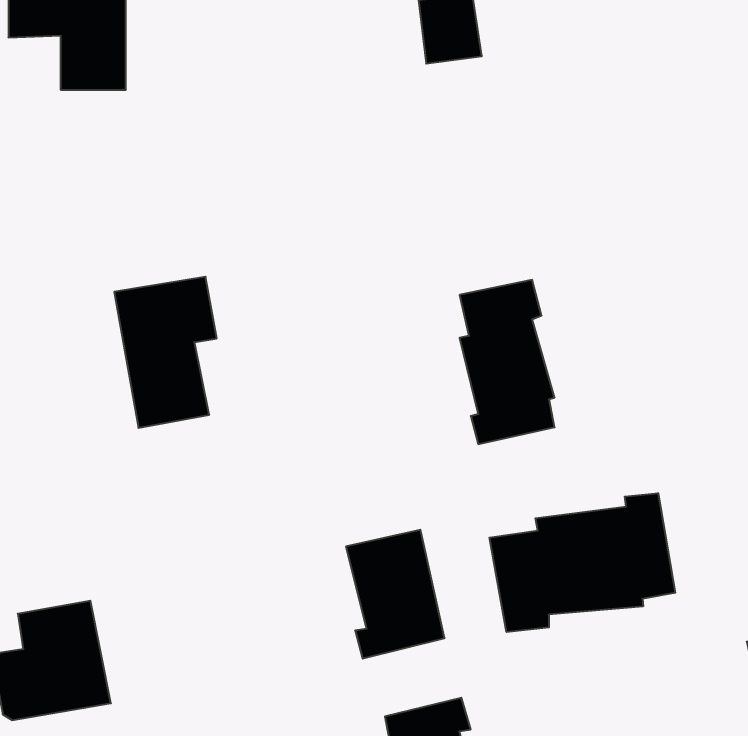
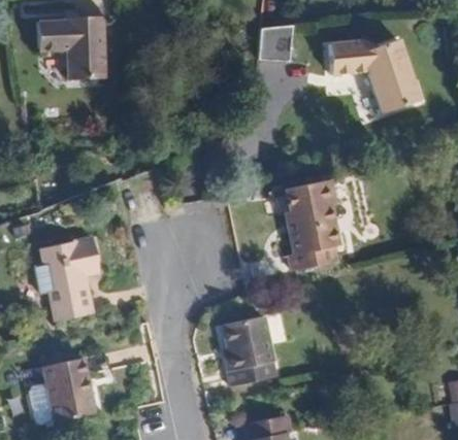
building: none -> [325,38,416,112]
building: [114,277,217,428] -> [41,236,98,319]
building: [489,493,675,632] -> none

